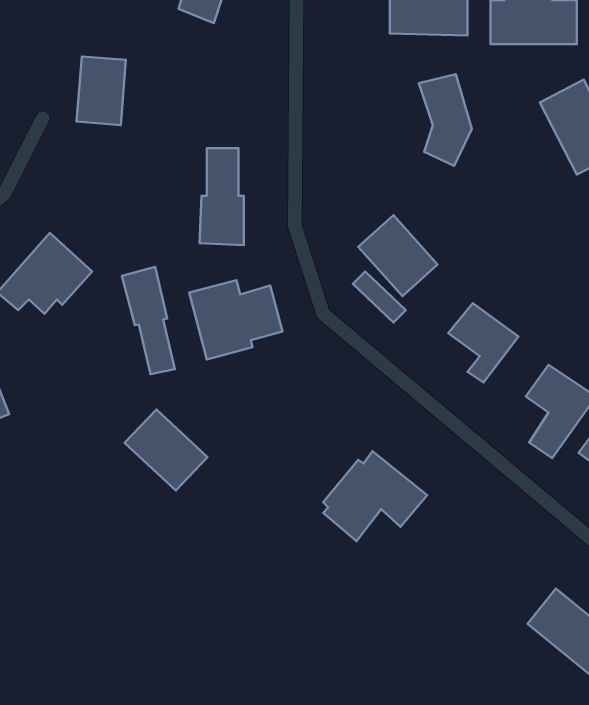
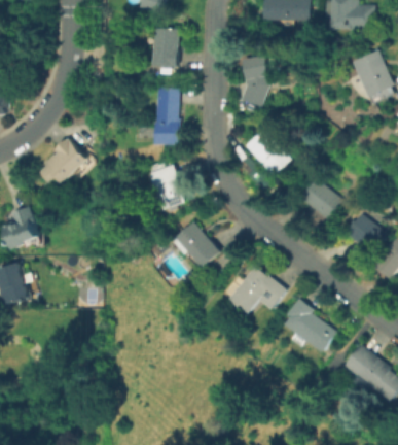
building: [77,56,126,125] -> [150,28,179,68]
building: [419,74,472,166] -> [240,53,270,106]
building: [122,267,175,374] -> none
building: [125,409,207,490] -> [171,221,219,269]
building: none -> [284,298,336,352]

